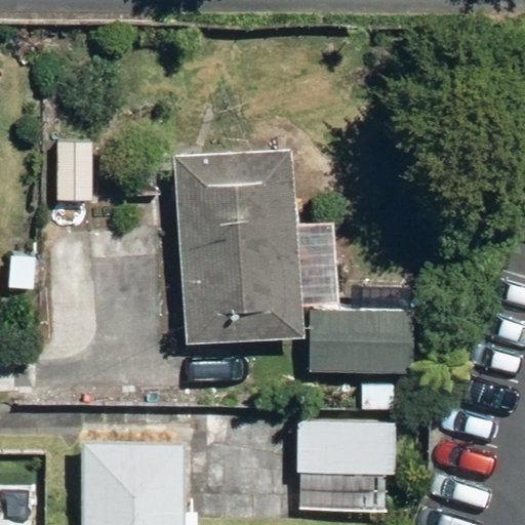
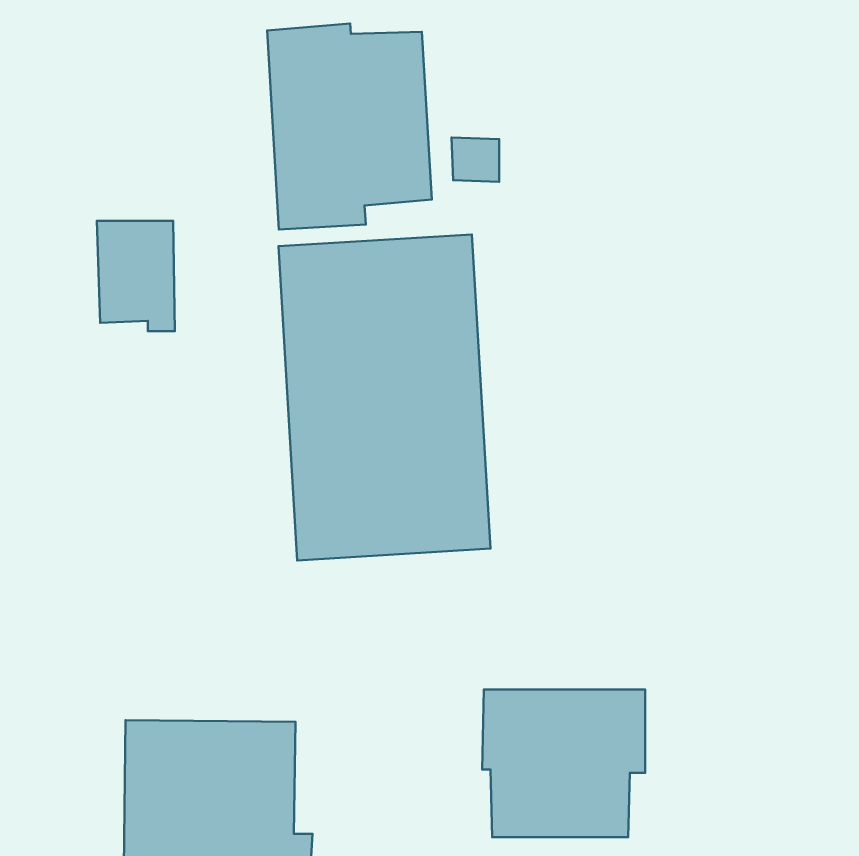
building: none -> [267,23,432,230]
building: [308,290,412,372] -> none

